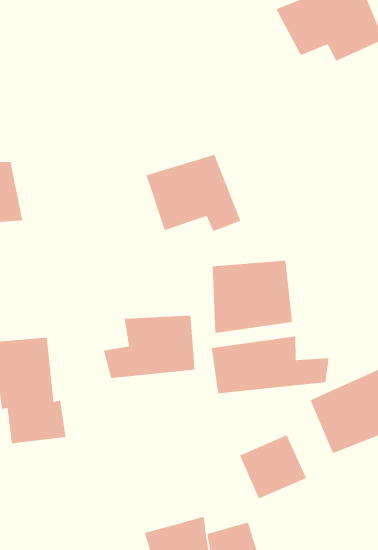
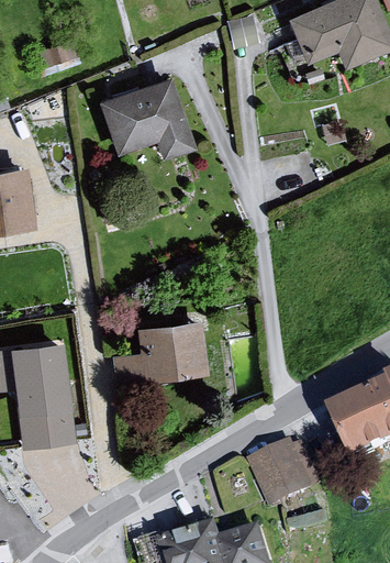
building: [145,154,241,232] -> [96,78,191,156]
building: [212,260,293,334] -> none
building: [211,336,329,394] -> none

